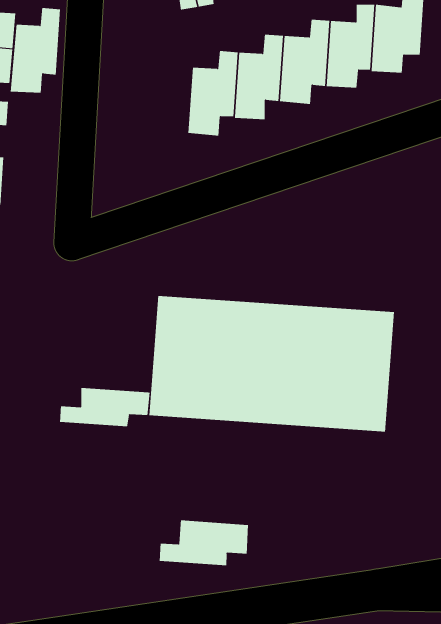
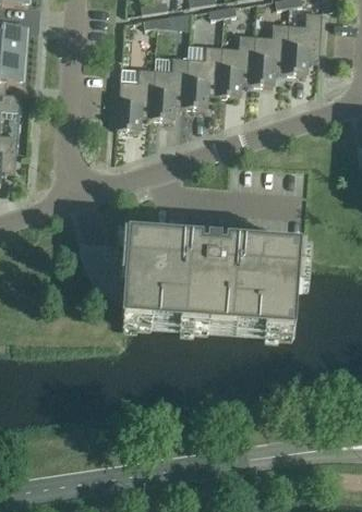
building: [10,8,61,93] -> [117,66,154,129]
building: [59,387,150,427] -> none
building: [159,520,248,566] -> none

